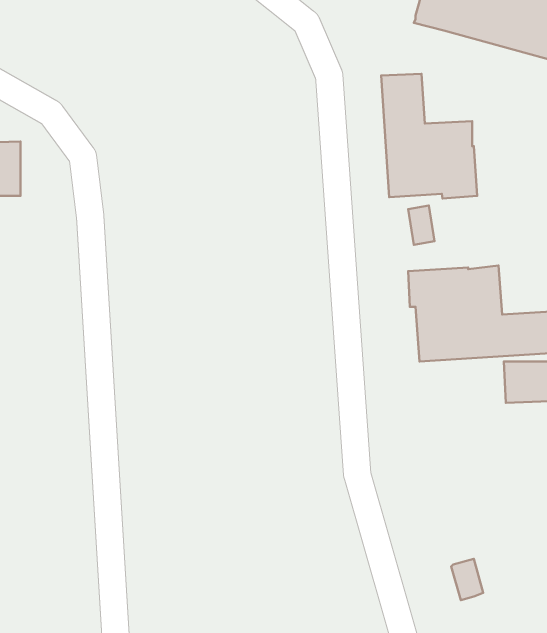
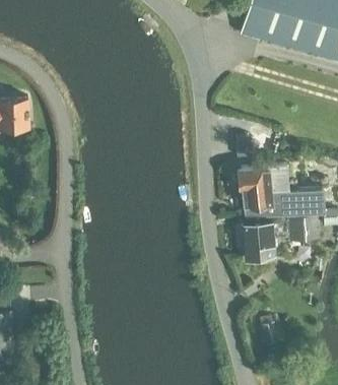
building: [381,74,477,198] -> none
building: none -> [243,220,285,257]

